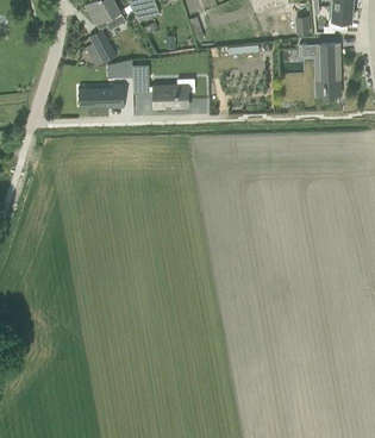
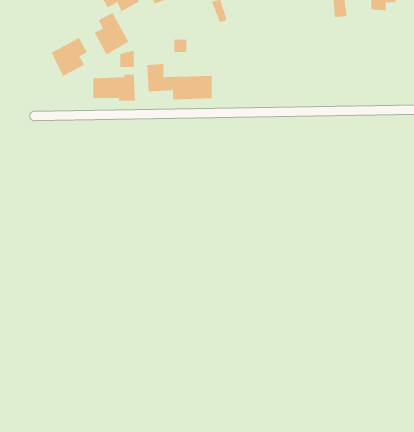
building: [302,44,338,95] -> none
building: none -> [51,37,87,77]

